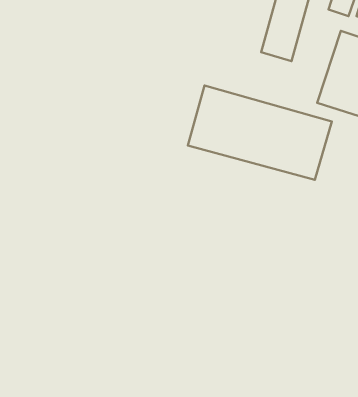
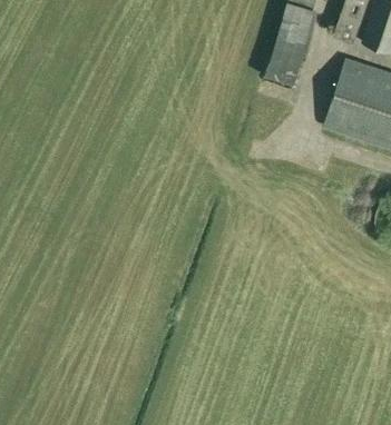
building: [188,86,332,180] -> none

